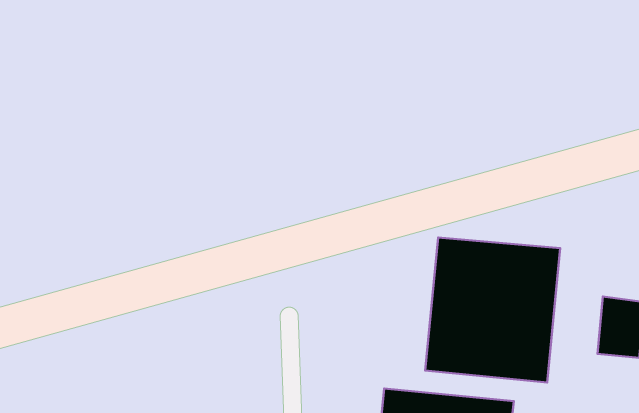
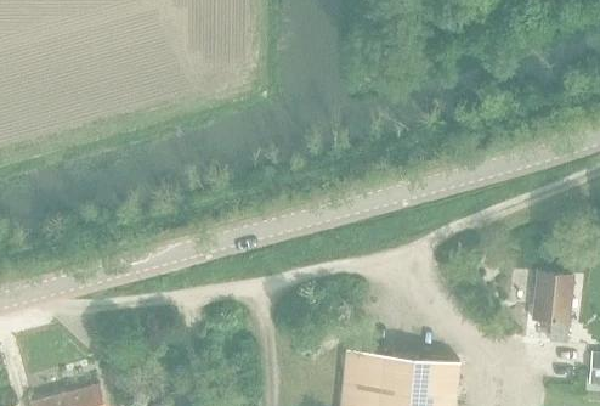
building: [425,238,560,382] -> none

